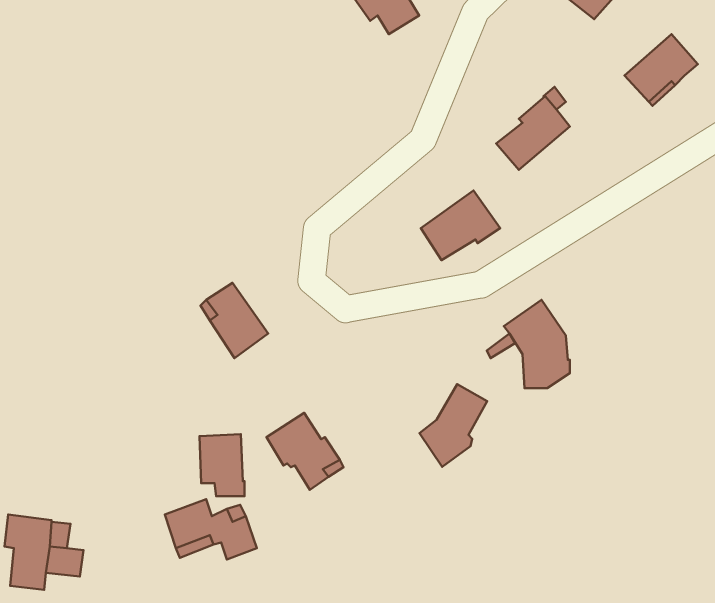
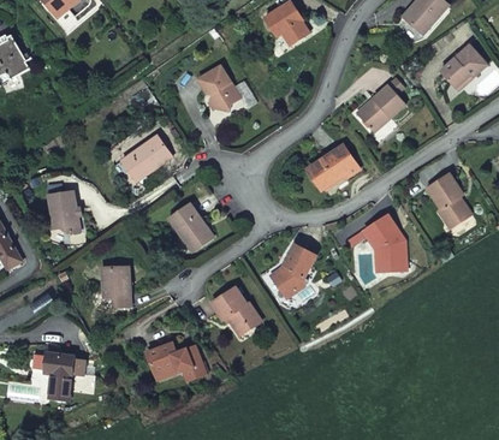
building: none -> [198,65,240,111]
building: none -> [114,135,172,179]
building: none -> [427,173,471,227]
building: none -> [48,190,79,234]
building: [419,384,487,467] -> [272,244,315,297]
building: [199,434,245,496] -> [102,266,131,305]

